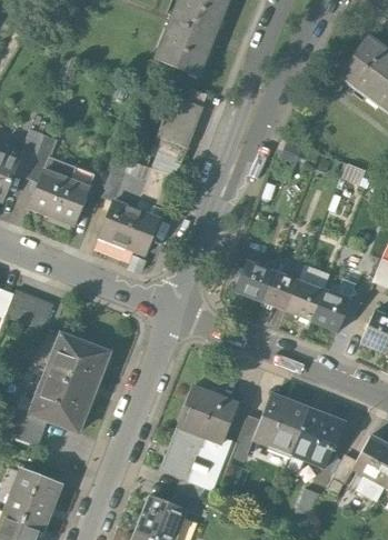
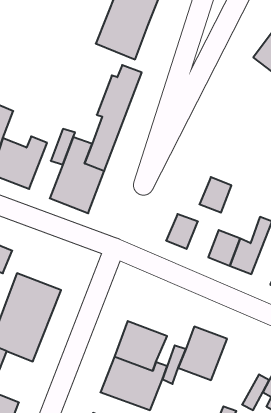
building: [260,268,298,310] -> [199,177,231,213]
building: [289,407,344,469] -> none

